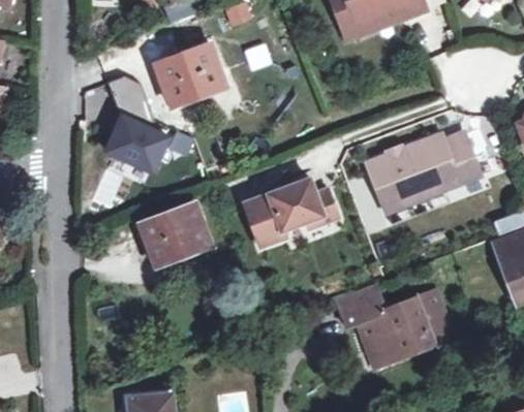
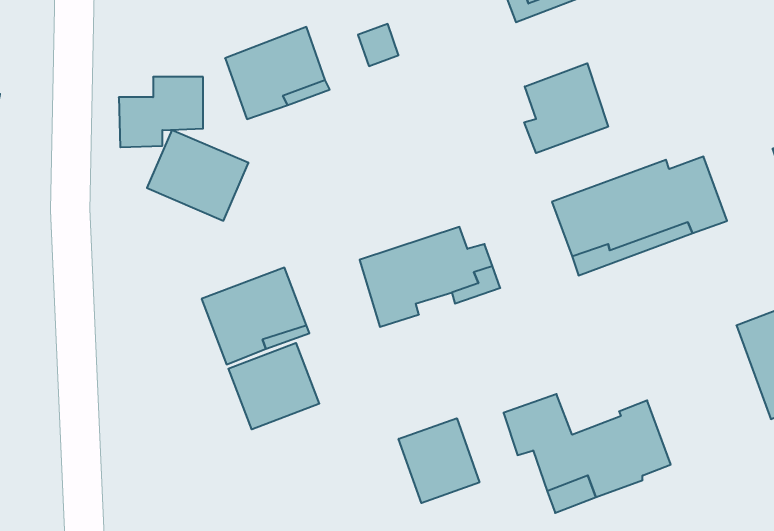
building: none -> [524,63,608,153]
building: none -> [228,343,319,429]
building: none -> [399,418,479,503]

